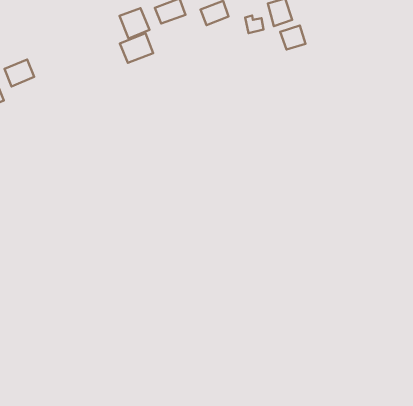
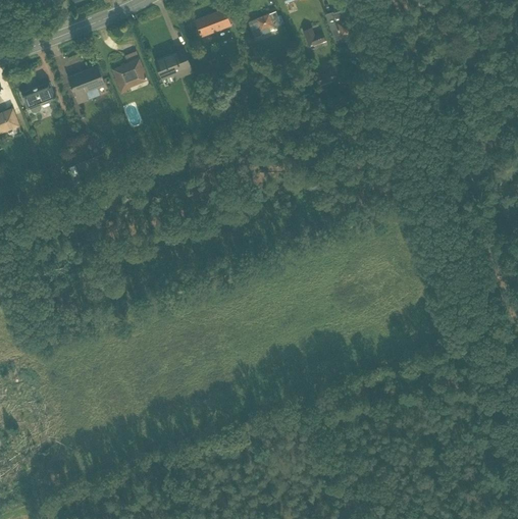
building: [120,8,149,39] -> [111,55,146,91]
building: [280,25,306,50] -> none
building: none -> [67,64,107,103]

